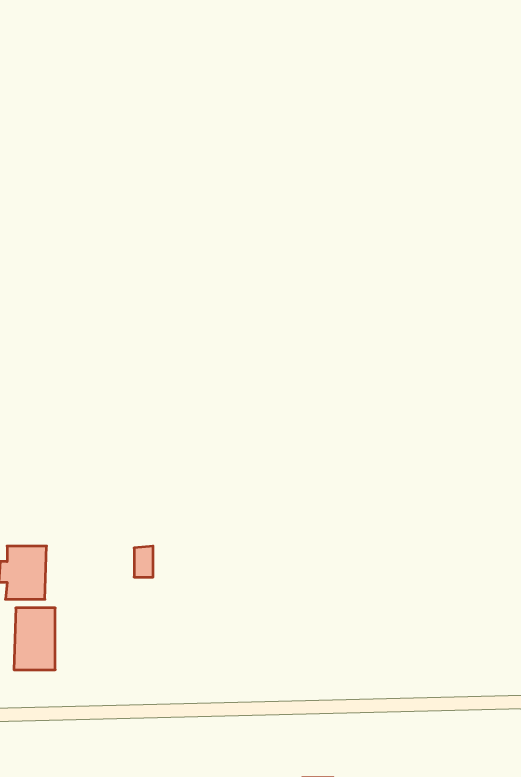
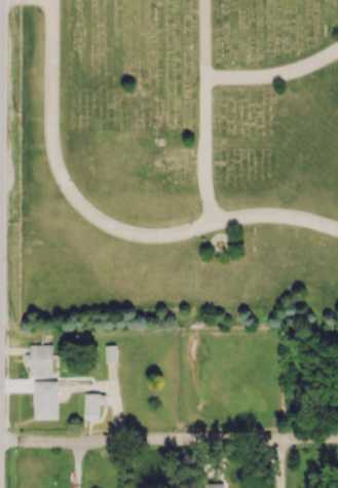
building: none -> [83,395,106,419]

